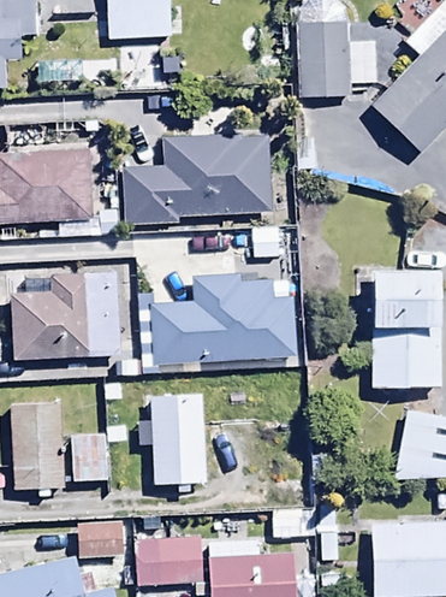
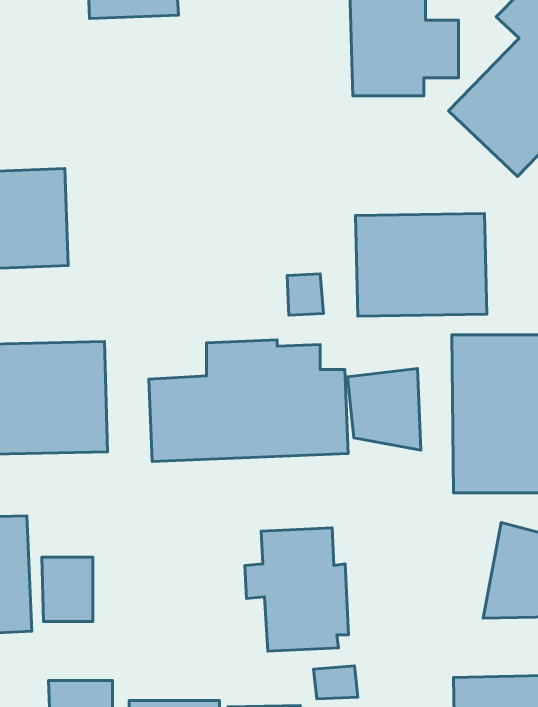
building: [124,137,273,221] -> none
building: none -> [356,213,487,316]
building: none -> [348,369,421,450]
building: [138,394,214,484] -> [245,528,349,651]

